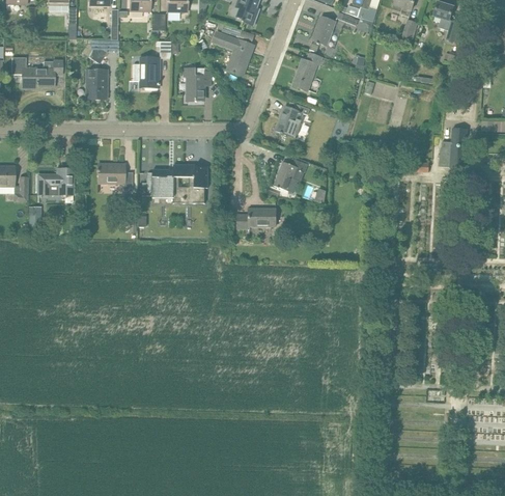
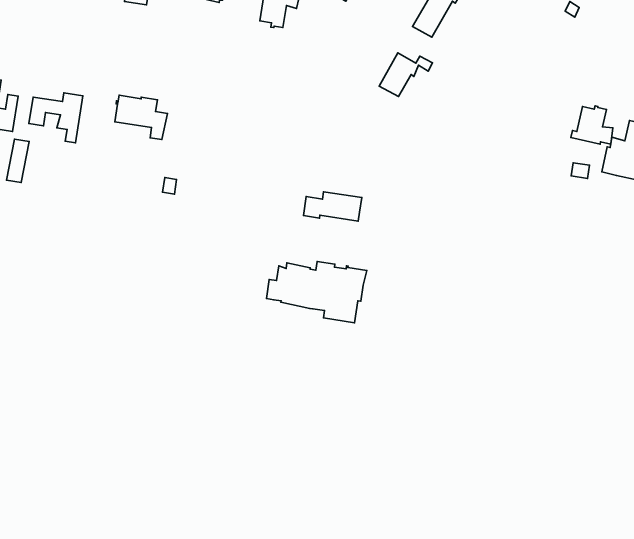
building: none -> [571,106,613,144]
building: [274,158,308,192] -> none
building: [142,164,208,202] -> [266,261,367,323]

